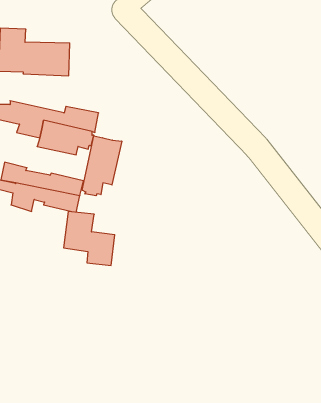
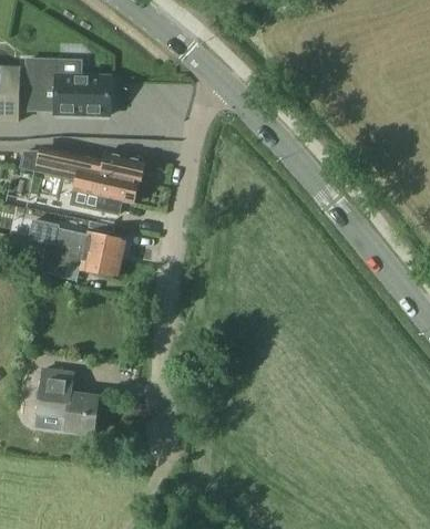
building: [82,136,122,196] -> none
building: [64,212,115,265] -> [37,370,98,434]

